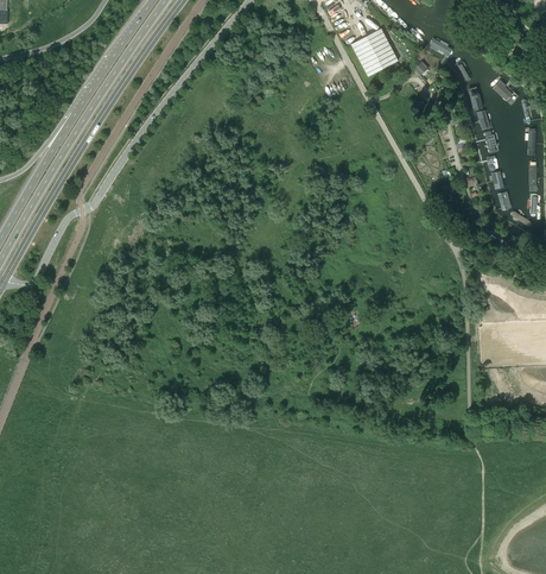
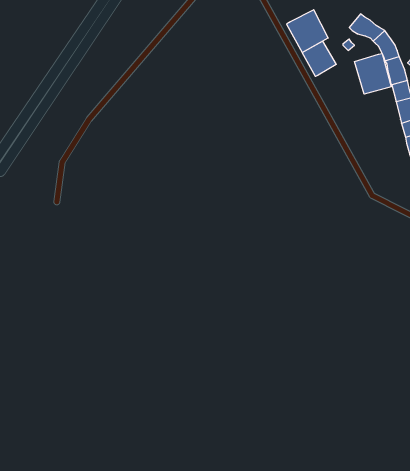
building: none -> [302,41,336,76]
building: none -> [354,54,391,94]

